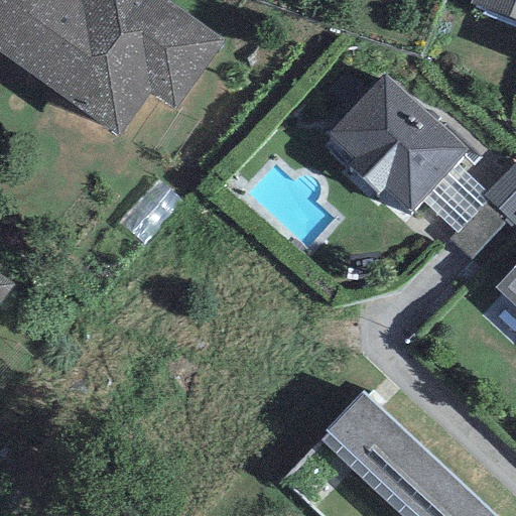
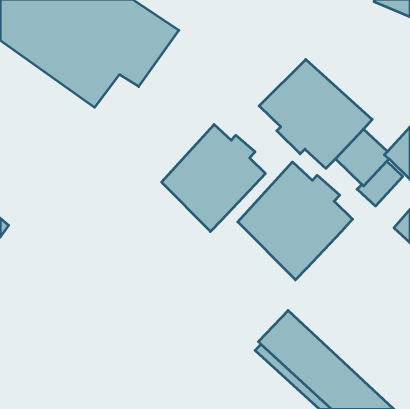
building: none -> [162,124,265,232]
building: none -> [238,162,353,280]

